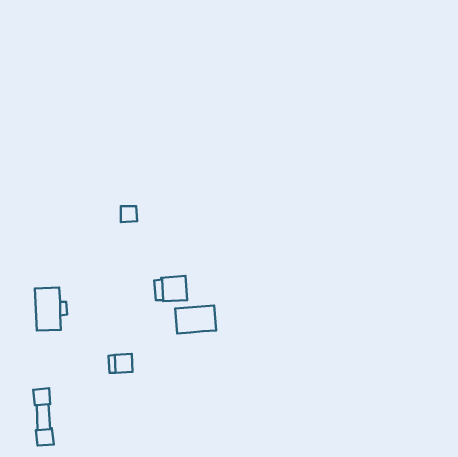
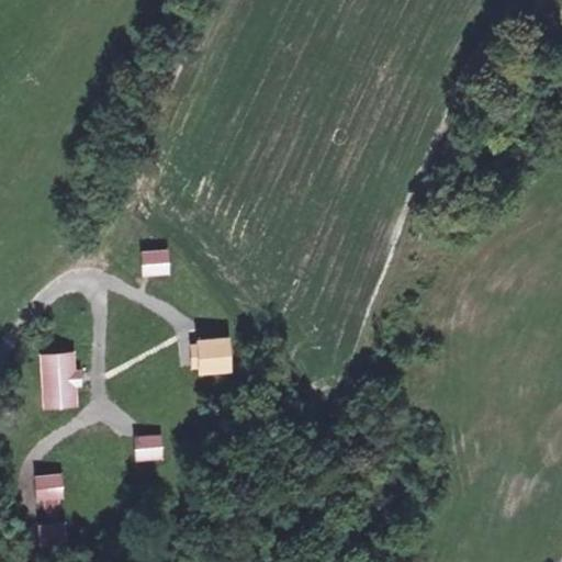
building: [175,306,216,333] -> none

